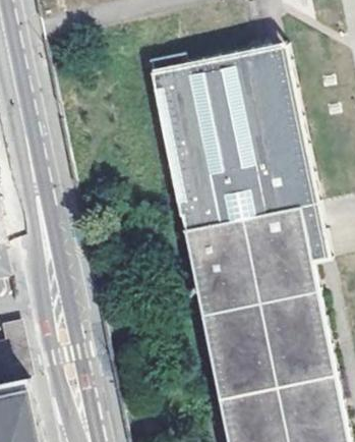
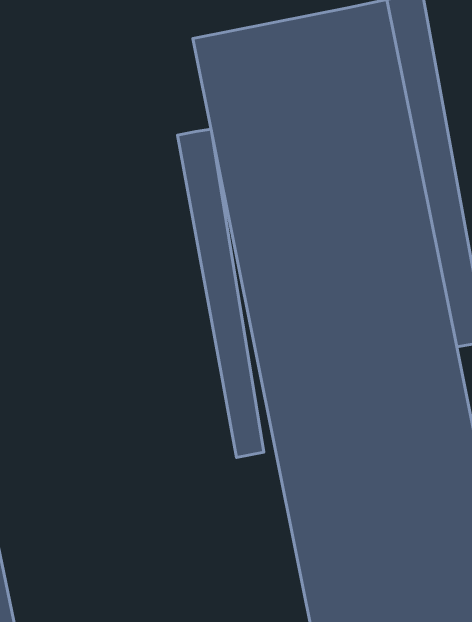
building: none -> [178,129,264,458]

